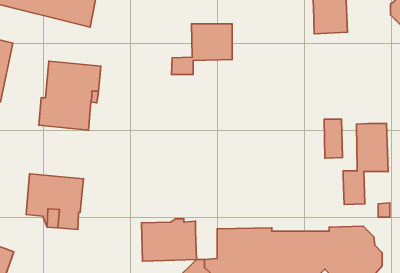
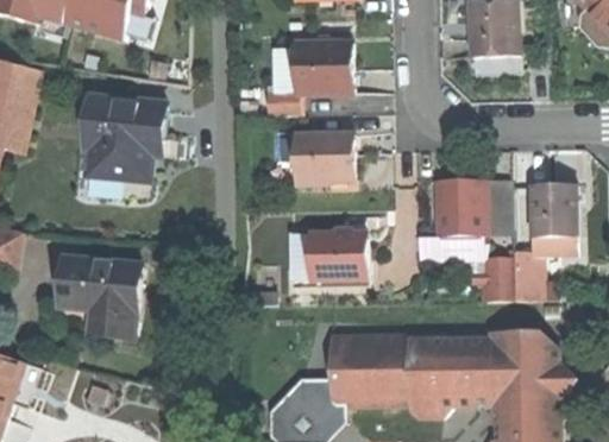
building: none -> [275,128,353,189]
building: none -> [435,178,486,235]
building: none -> [484,260,514,301]
building: [142,219,196,261] -> [289,227,368,288]

